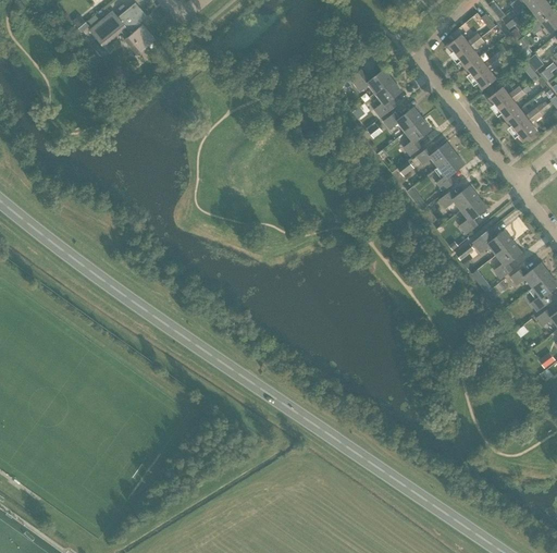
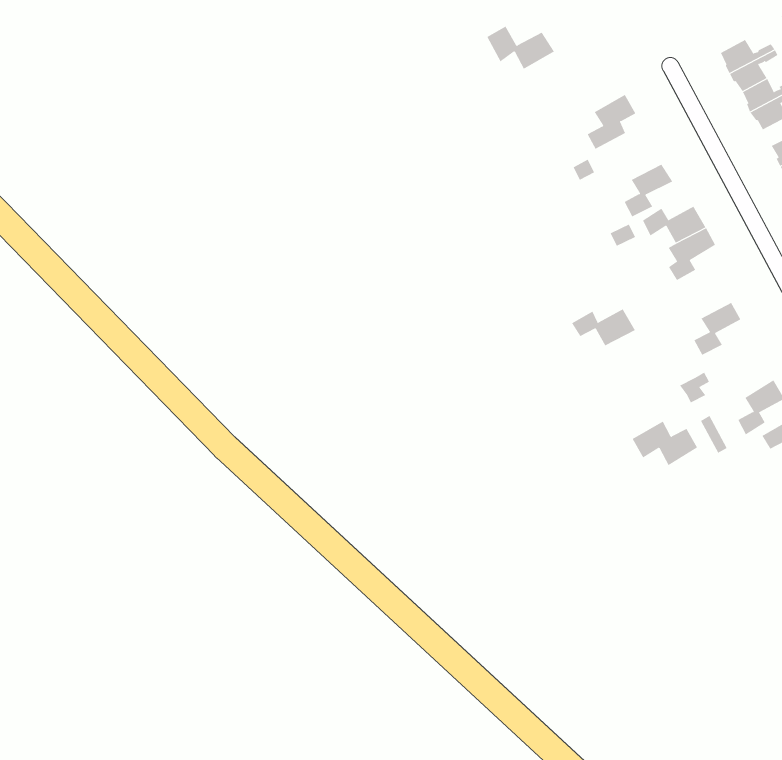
building: [350,69,394,94] -> [486,26,555,69]
building: [384,106,423,132] -> none
building: [440,185,480,210] -> [571,309,636,346]
building: [472,228,513,255] -> [632,421,698,466]

